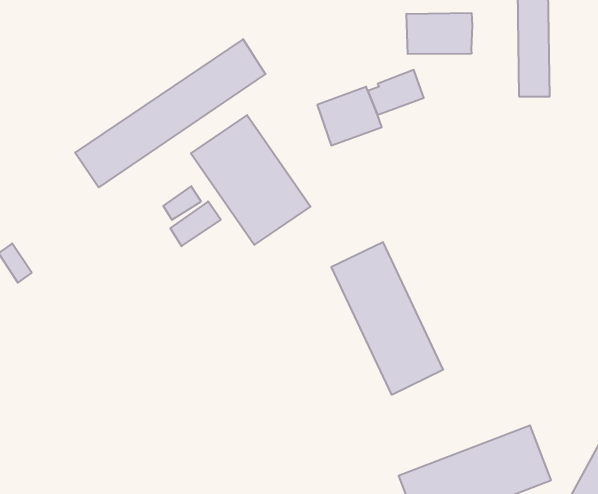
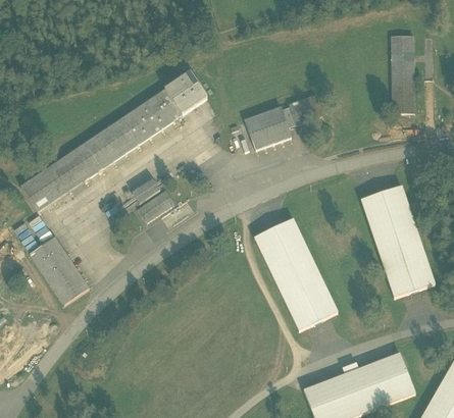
building: [406,13,472,54] -> none
building: [191,115,311,245] -> none
building: none -> [20,154,86,211]
building: none -> [361,186,435,297]
building: none -> [30,237,89,305]

